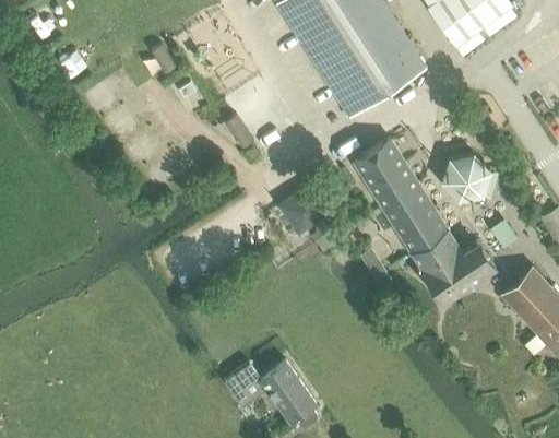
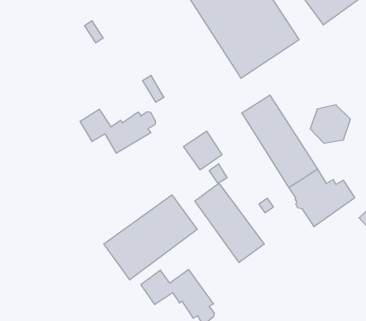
building: none -> [80,109,155,153]
building: none -> [195,183,264,263]
building: none -> [104,195,197,280]

